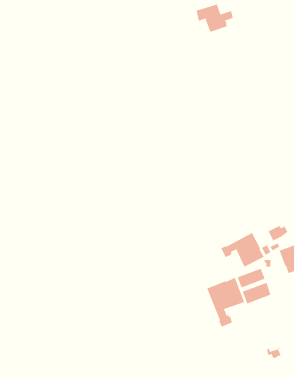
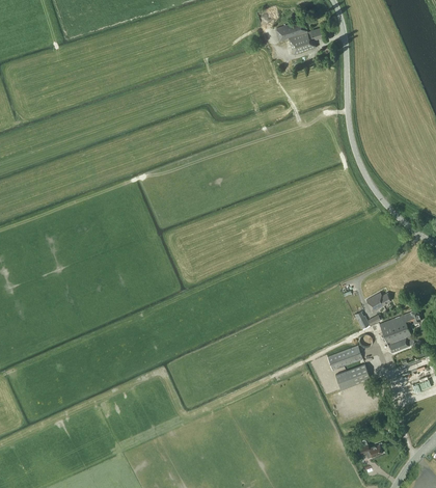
building: [220,232,265,268] -> none
building: [206,277,245,327] -> none

